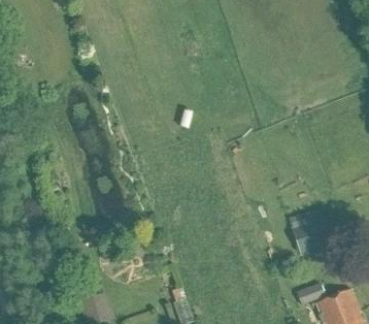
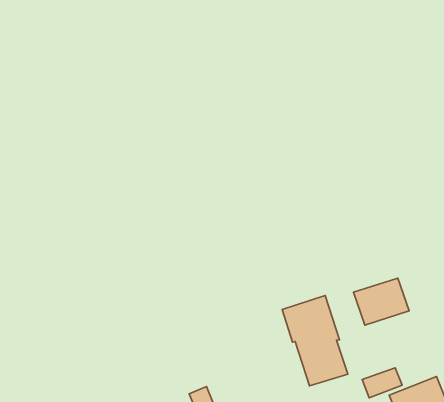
building: none -> [282,295,348,386]

